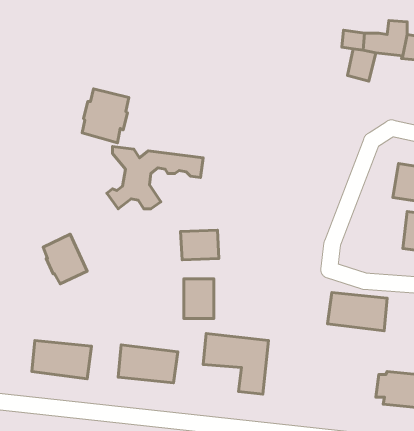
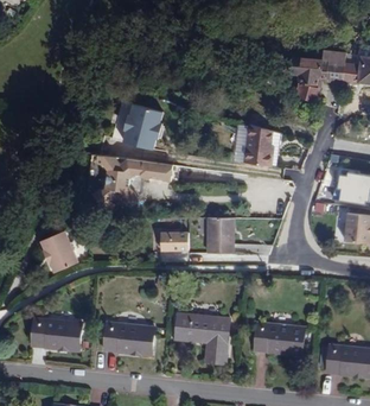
building: [82,89,129,143] -> [123,104,162,150]
building: none -> [238,122,273,165]
building: [184,279,214,319] -> [206,220,231,253]
building: [328,293,387,331] -> [254,323,304,355]

